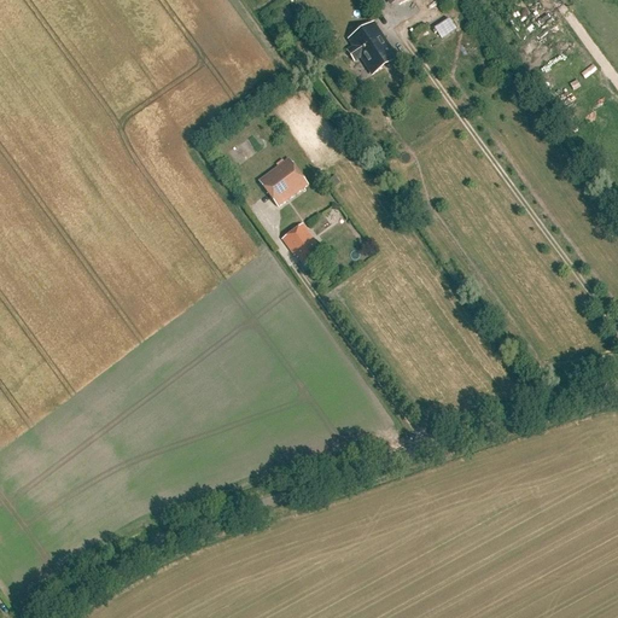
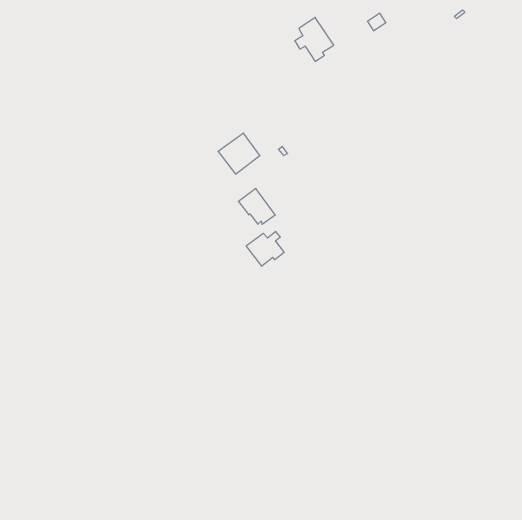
building: none -> [246,231,284,266]

